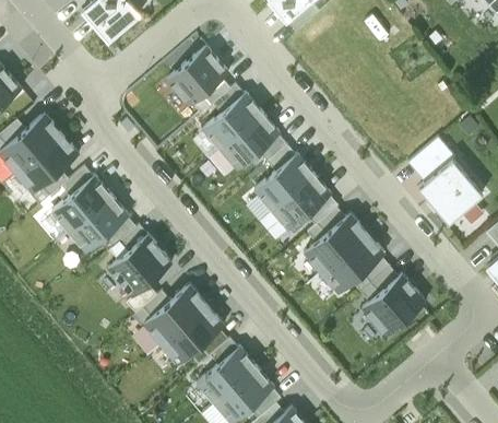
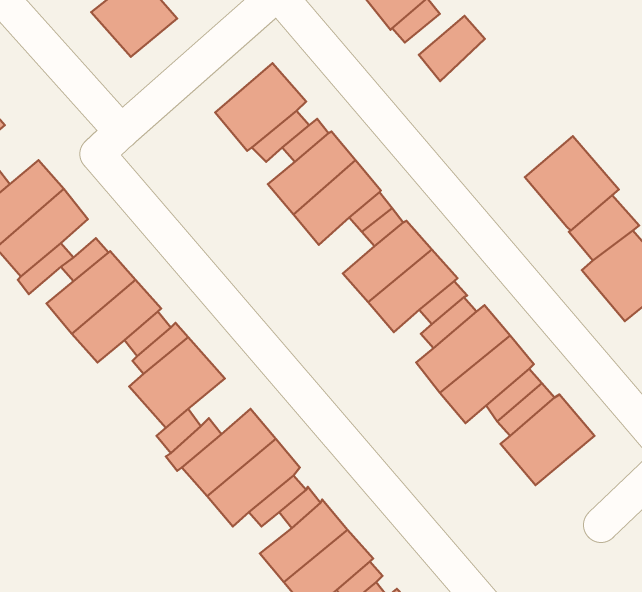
building: none -> [419,16,485,81]
building: none -> [525,136,619,230]

